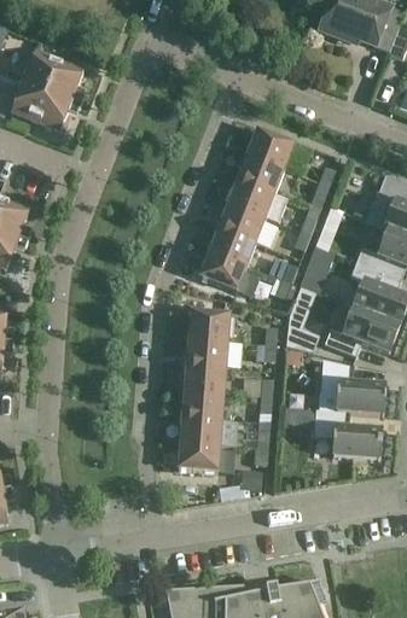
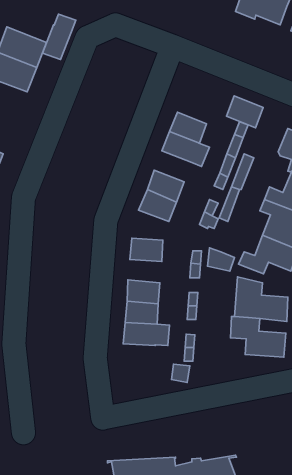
building: none -> [43,14,76,59]
building: [246,129,292,169] -> [226,96,263,128]
building: [217,203,264,241] -> none
building: [185,338,227,367] -> none
building: [178,443,234,473] -> none

